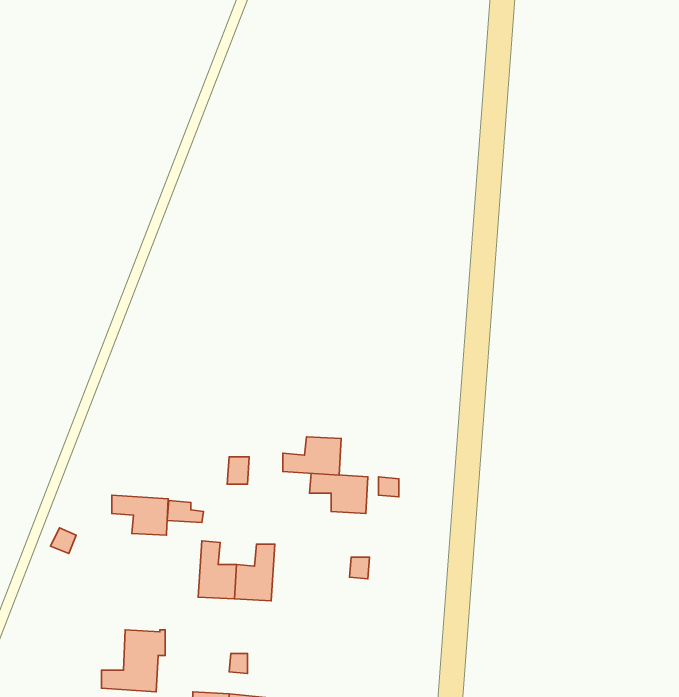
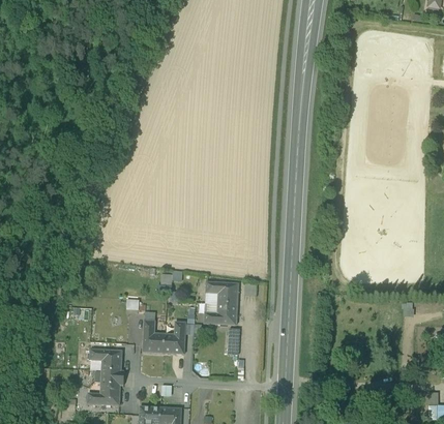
building: [283,437,341,475] -> [204,304,237,326]
building: [112,495,168,535] -> [89,350,121,372]

